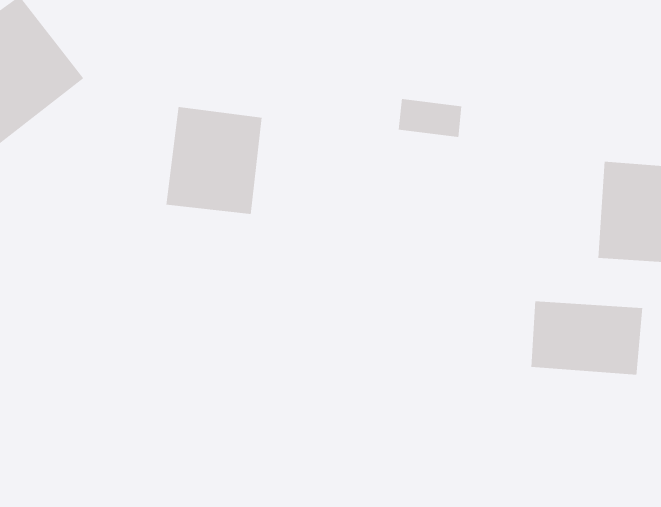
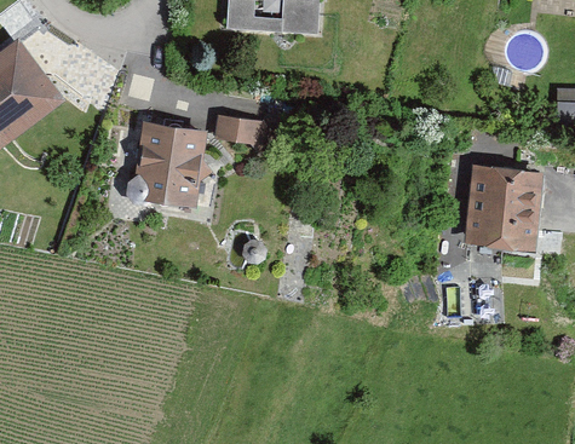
building: [398,98,462,138] -> [215,117,265,148]
building: [531,301,643,376] -> none

